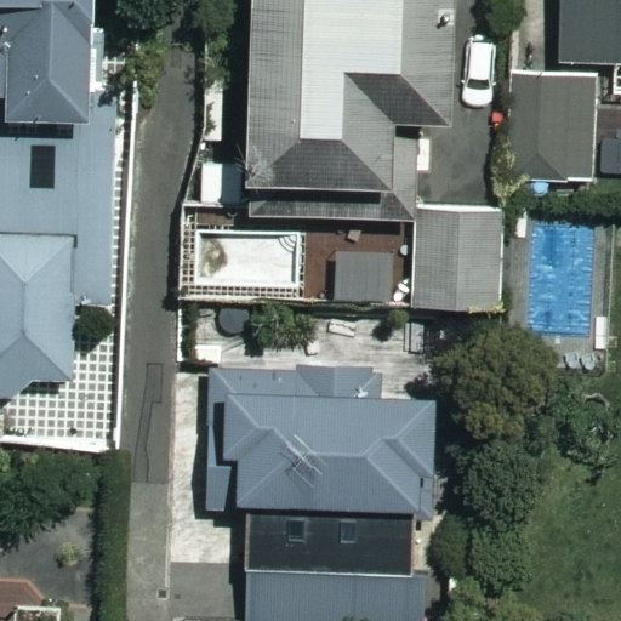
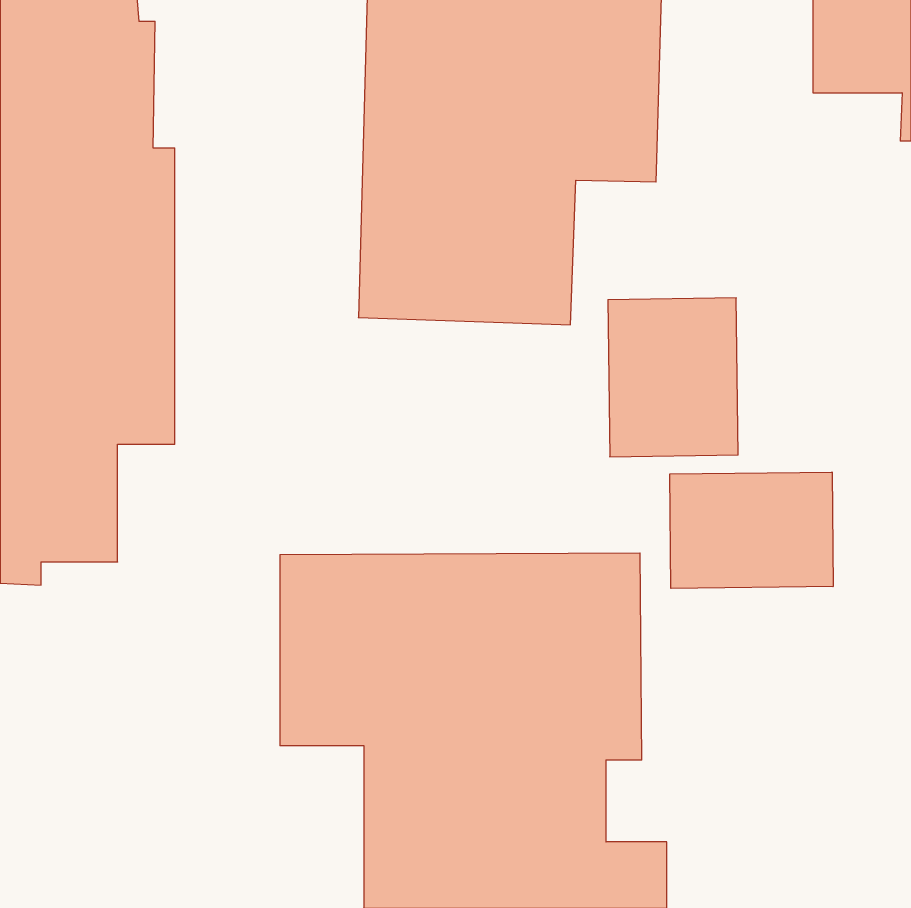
building: [503,73,602,194] -> none
building: none -> [670,472,833,588]

